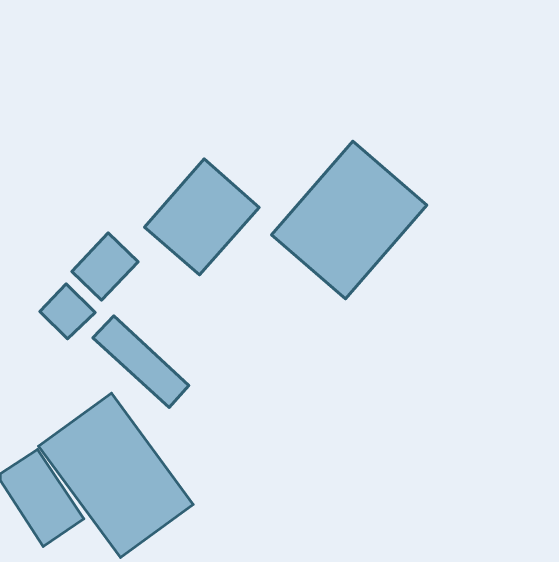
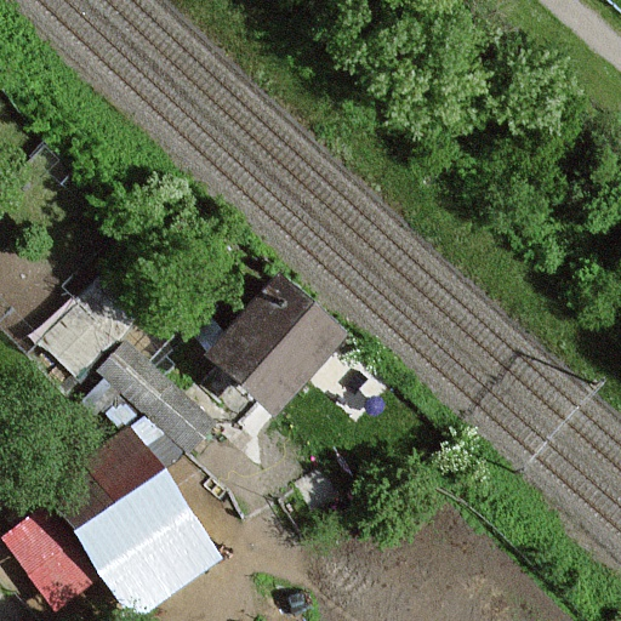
building: [271,141,427,299] -> none
building: [144,159,259,275] -> [216,286,342,414]

